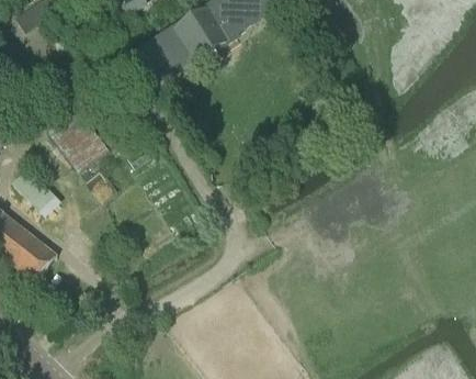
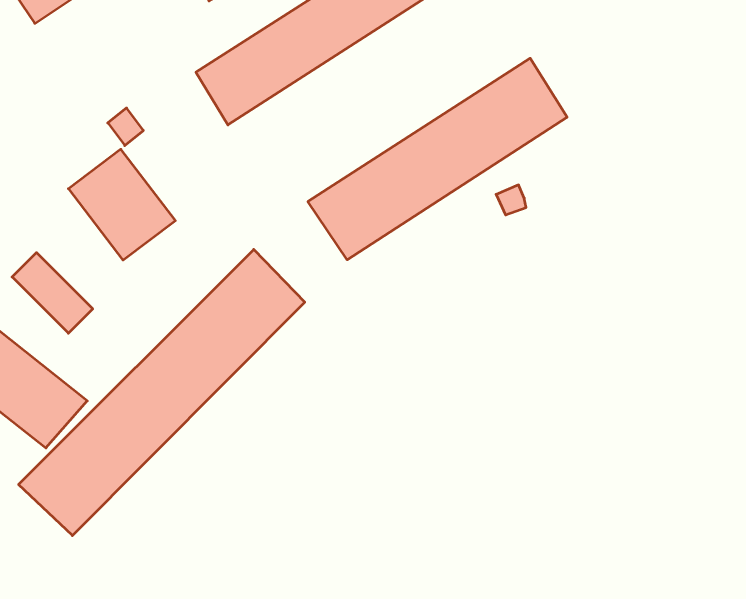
building: none -> [308,58,567,260]
building: none -> [19,249,305,536]

